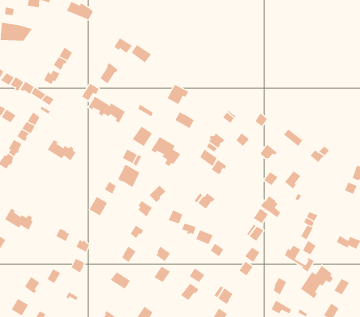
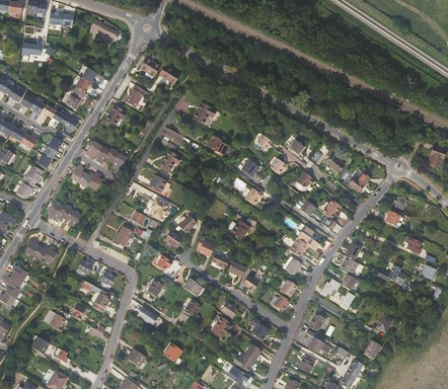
building: [88,96,126,123] -> [86,140,127,169]
building: [151,136,181,167] -> none
building: none -> [49,203,80,227]
building: [300,265,334,299] -> none

